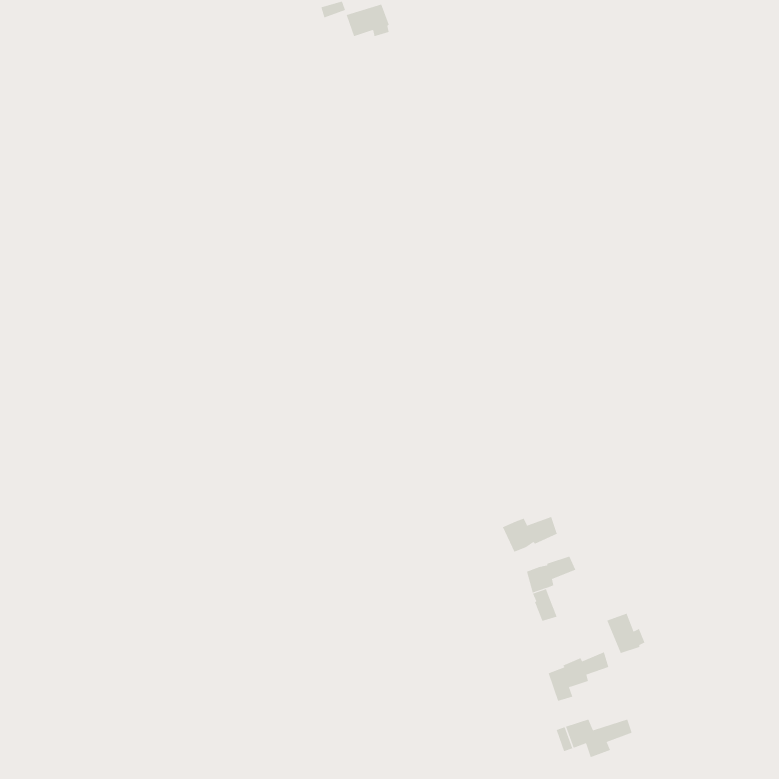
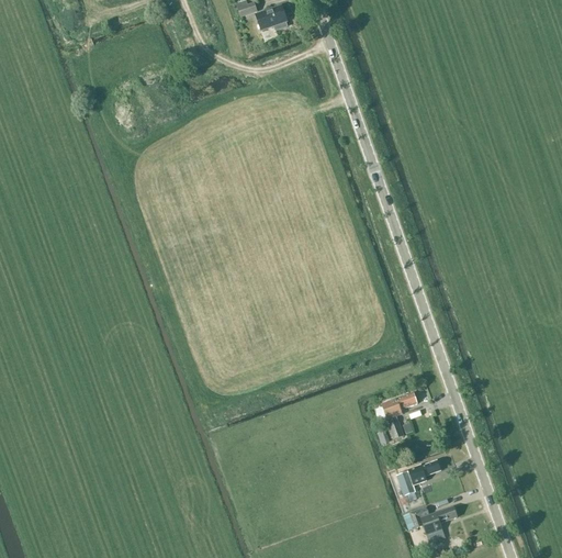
building: [502,516,558,552] -> none
building: [607,613,645,654] -> none

